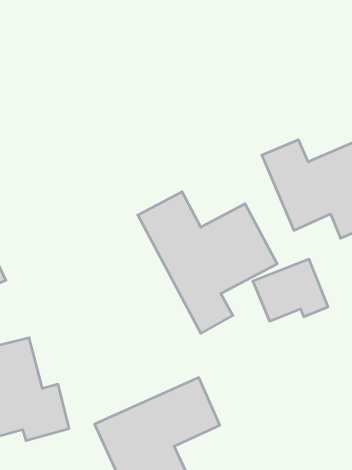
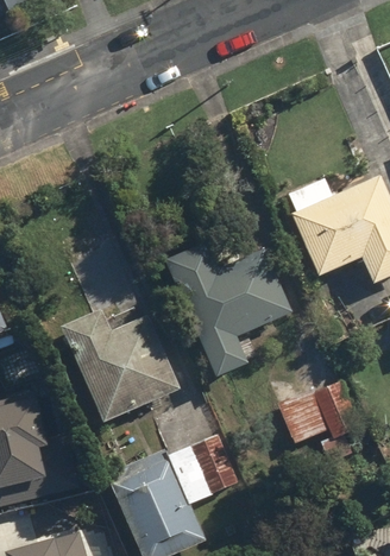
building: [253,259,328,321] -> [275,379,356,446]
building: none -> [61,311,182,423]

